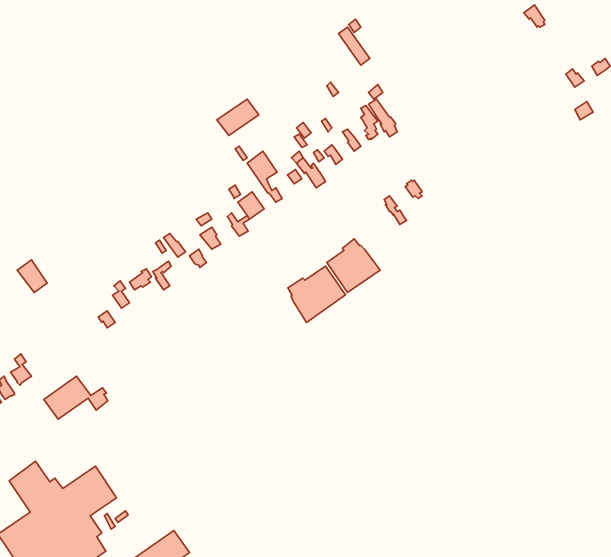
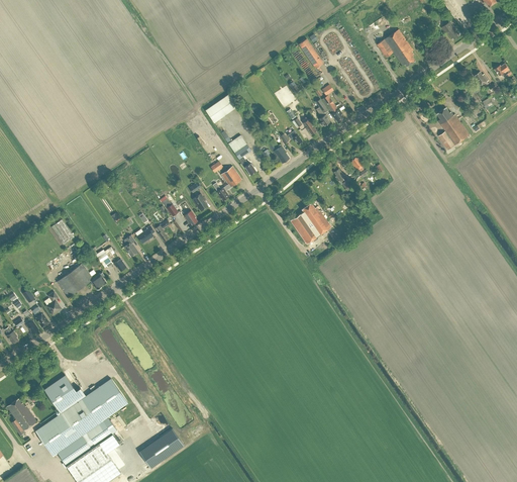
building: none -> [378,29,416,67]
building: none -> [437,107,470,150]
building: [288,266,345,322] -> none
building: [44,376,108,419] -> [57,264,106,297]

